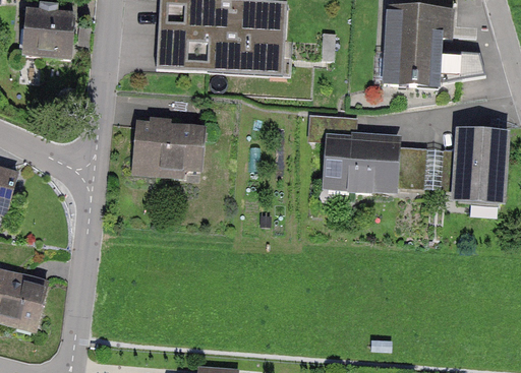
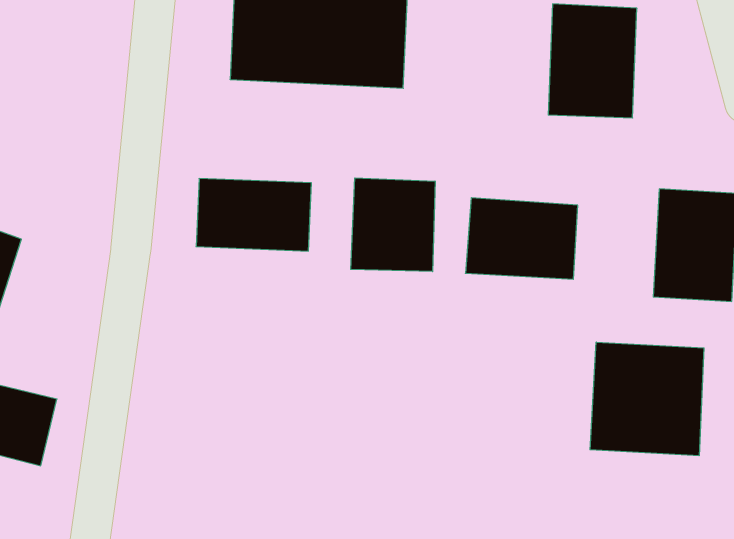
building: [19,15,72,61] -> none
building: none -> [351,178,435,272]
building: none -> [590,342,704,456]

